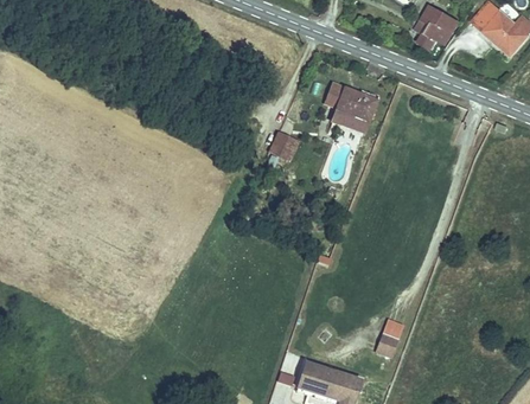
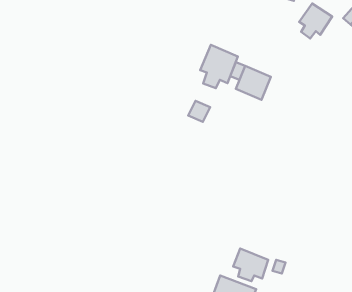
building: none -> [200,45,238,88]
building: none -> [233,249,268,281]

